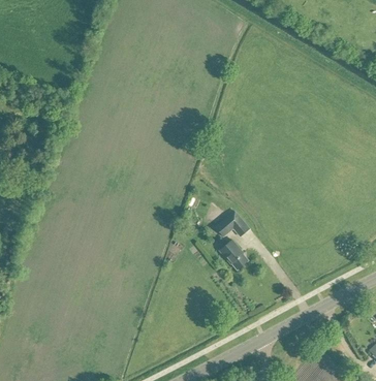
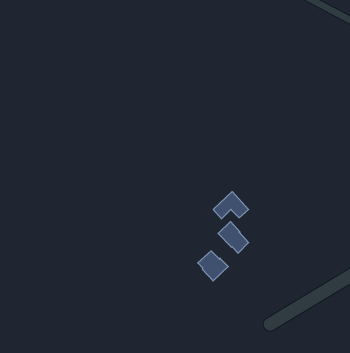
building: none -> [198,251,228,281]

